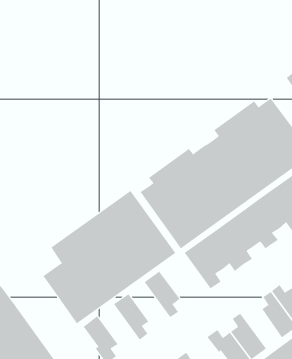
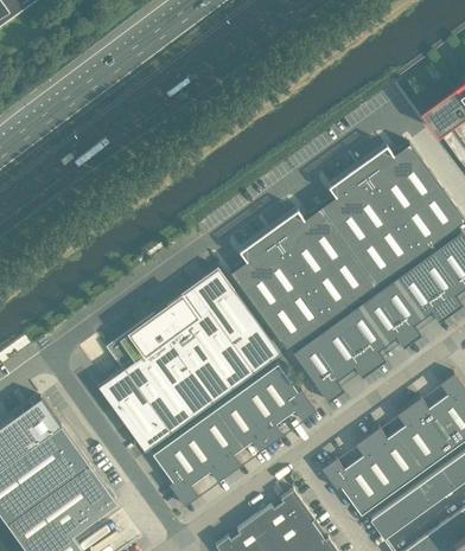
building: none -> [257,364,317,422]
building: none -> [216,395,272,453]
building: none -> [173,424,230,482]
building: none -> [368,428,423,485]

